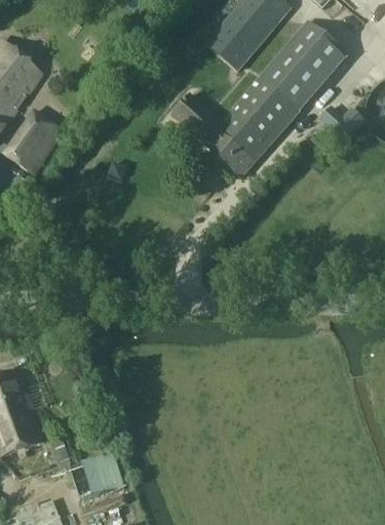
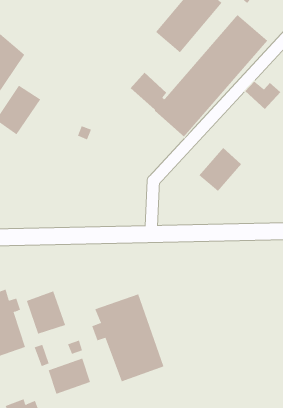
building: none -> [198,147,242,192]
building: none -> [26,290,66,335]
building: none -> [92,294,164,382]

